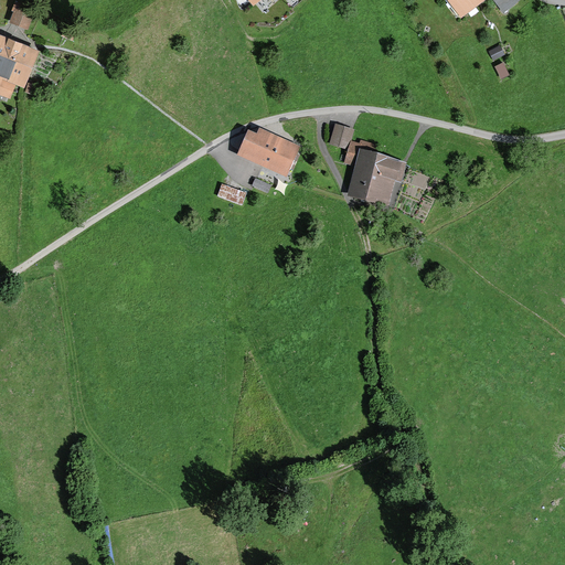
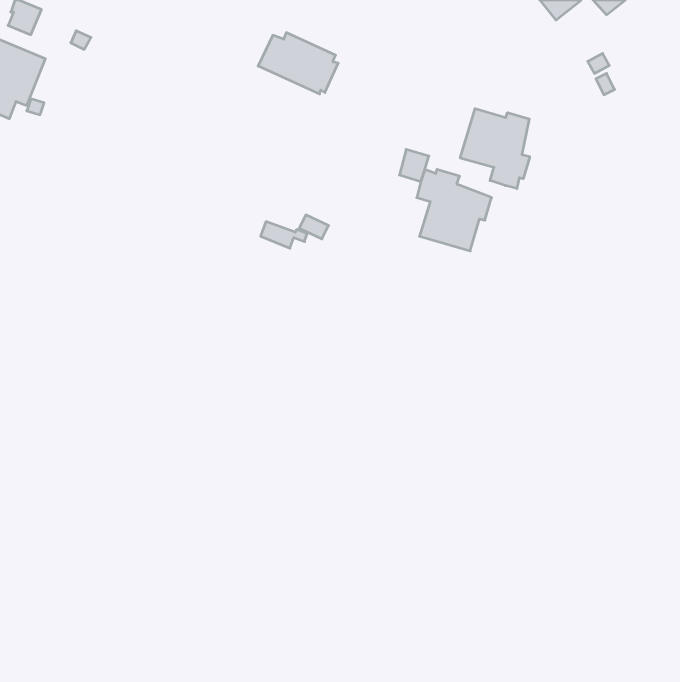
building: none -> [460,109,530,189]
building: [234,127,300,178] -> [258,33,338,94]

